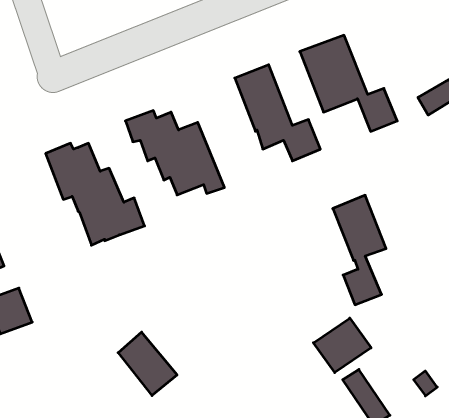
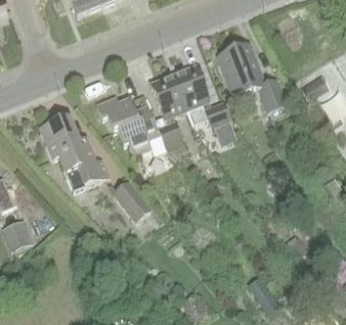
building: [333,195,386,305] -> [150,74,187,149]
building: [313,318,371,373] -> none
building: [118,332,177,396] -> [112,178,153,222]

